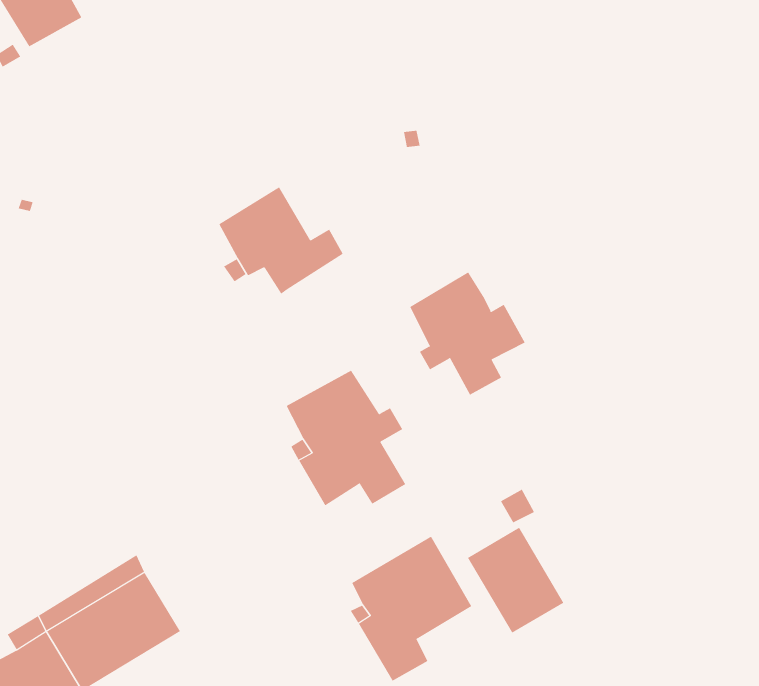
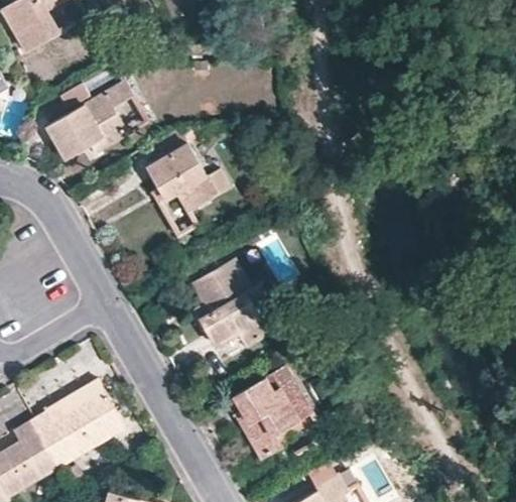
building: none -> [45,79,133,158]
building: [409,272,525,395] -> none
building: [467,527,564,634] -> none

